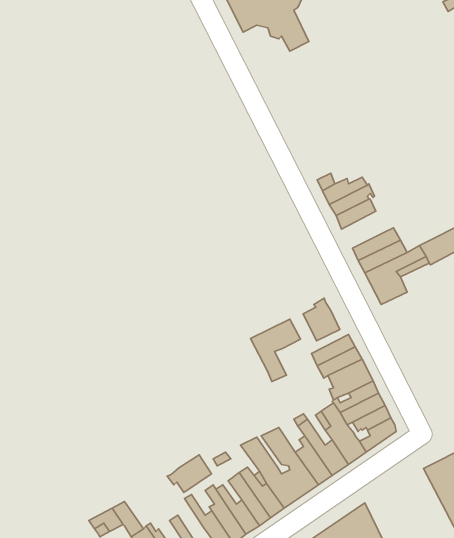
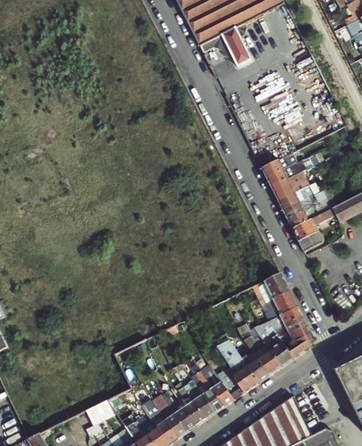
building: none -> [275,183,307,210]
building: [303,298,340,341] -> none
building: [250,319,301,381] -> none
building: [167,455,211,492] -> none

